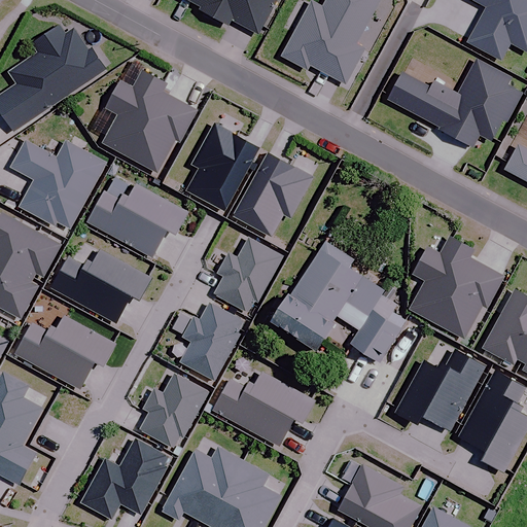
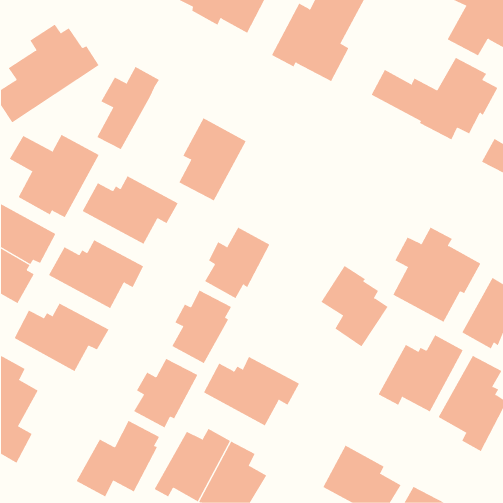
building: [128,92,197,173] -> none
building: [233,152,312,237] -> none
building: [271,240,360,350] -> none

